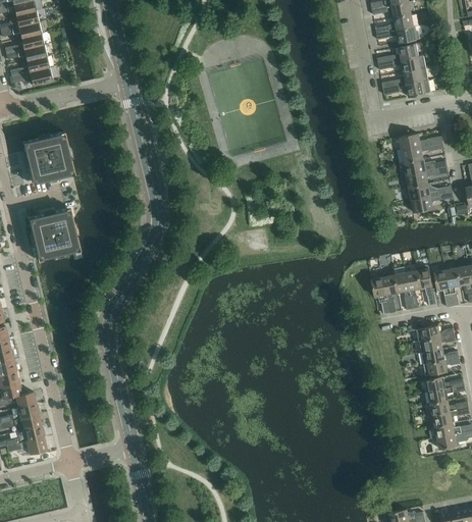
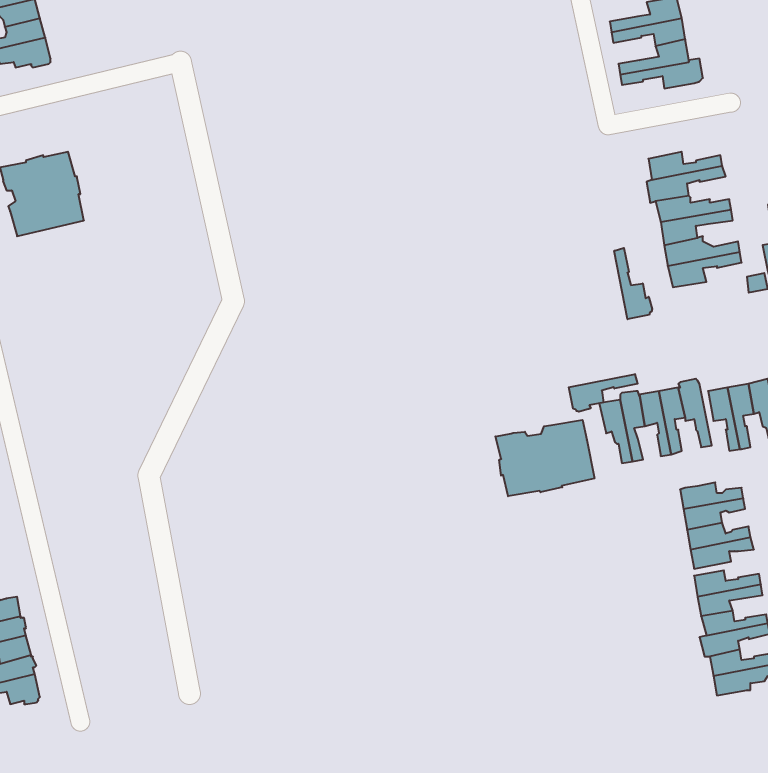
building: none -> [614,248,652,319]
building: [30,209,78,258] -> none
building: none -> [569,374,638,412]
building: none -> [495,420,594,496]

